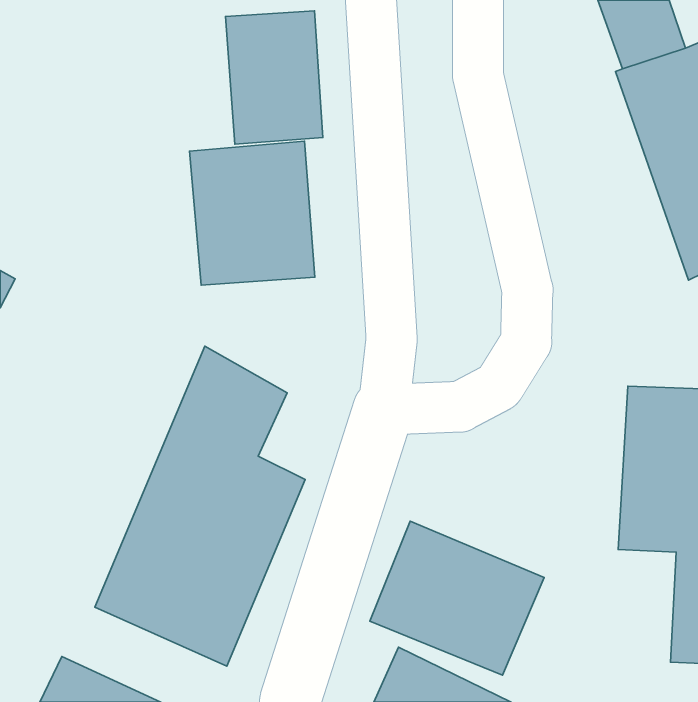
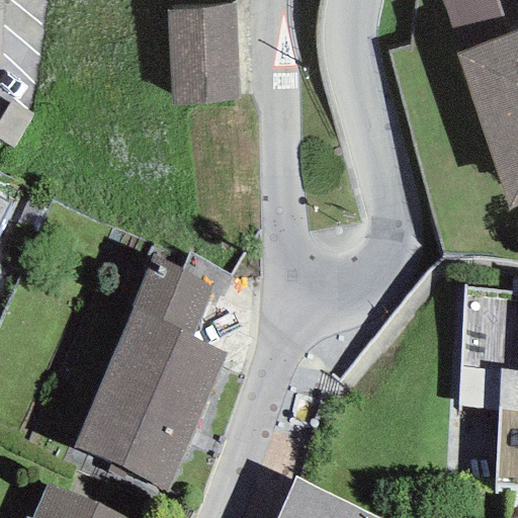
building: [190,141,315,285] -> none
building: [370,521,544,675] -> none

